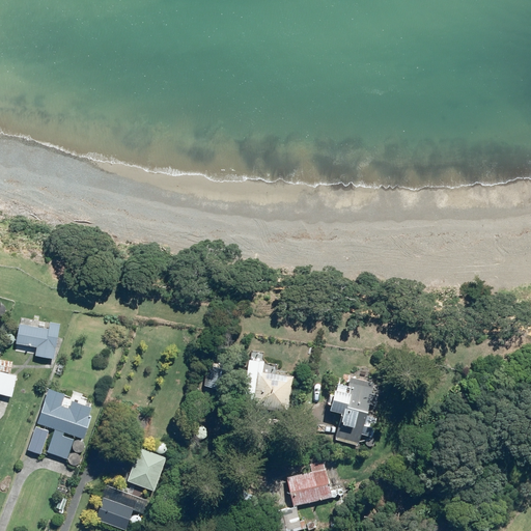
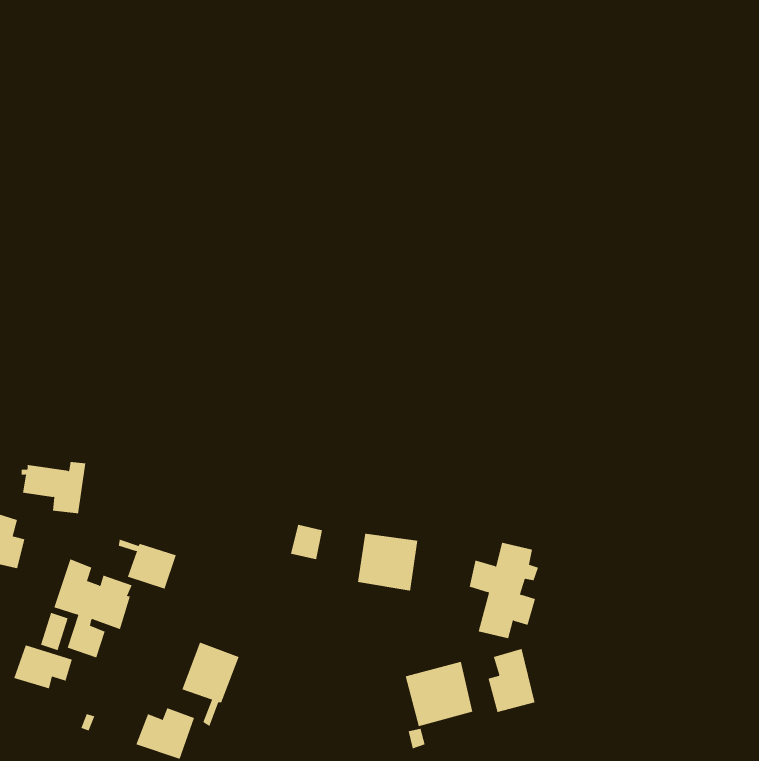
building: none -> [118,539,177,590]
building: none -> [14,644,72,689]
building: none -> [488,648,535,713]

